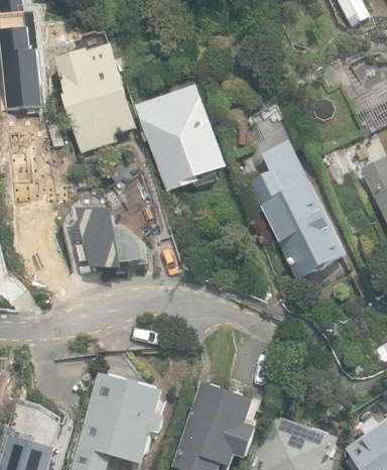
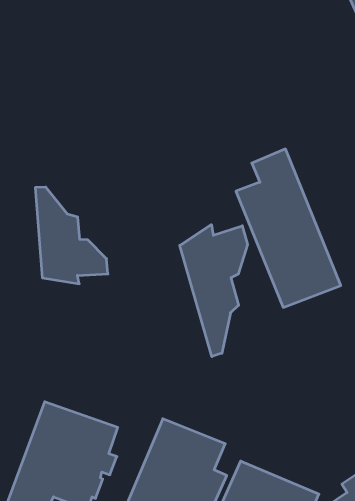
building: [55,45,135,153] -> none
building: [136,86,226,191] -> none
building: none -> [180,225,248,357]

